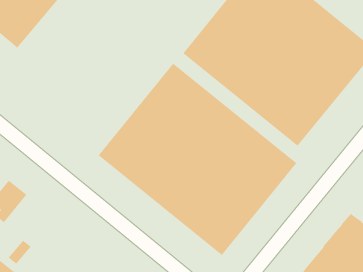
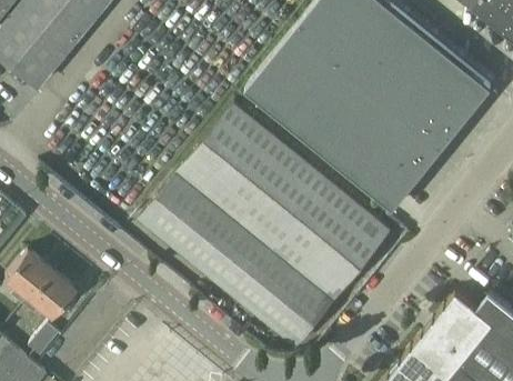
building: none -> [23,268,76,315]

